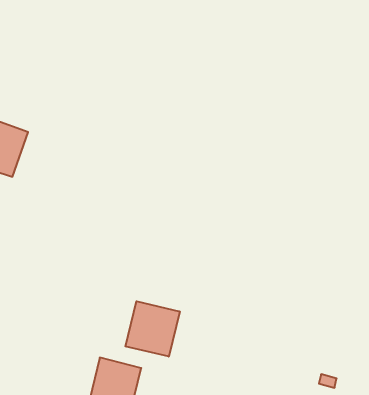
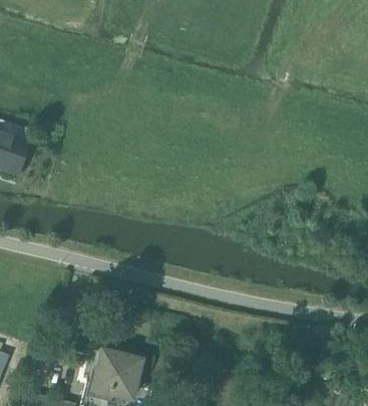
building: [125,301,180,357] -> none

